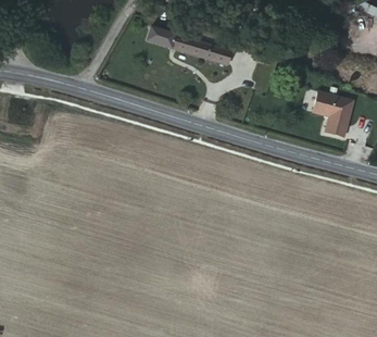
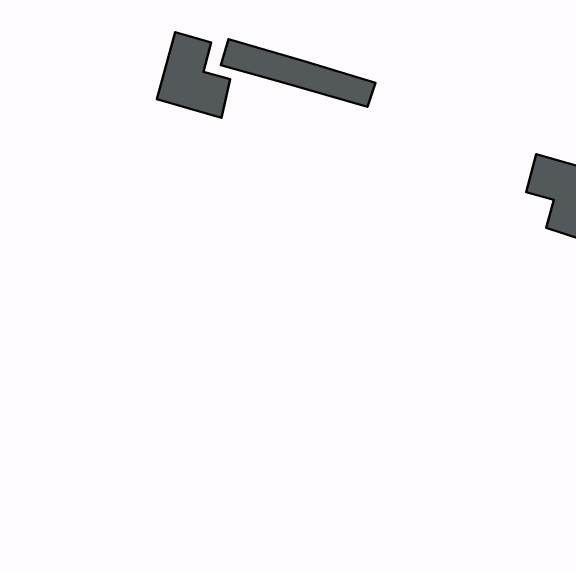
building: none -> [157,32,230,118]

